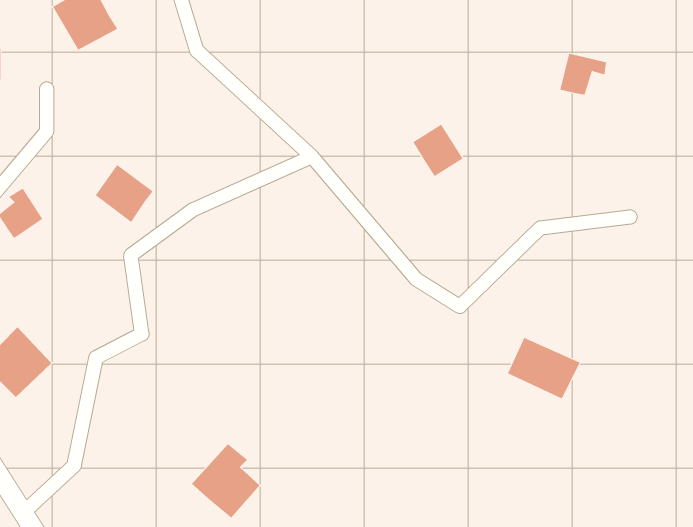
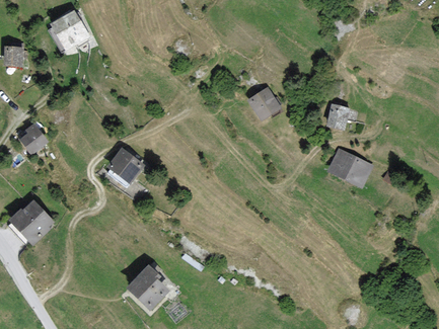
building: [559,53,607,95] -> [327,106,354,130]
building: [95,164,153,223] -> [108,150,141,182]
building: [507,337,580,399] -> [330,150,370,184]

